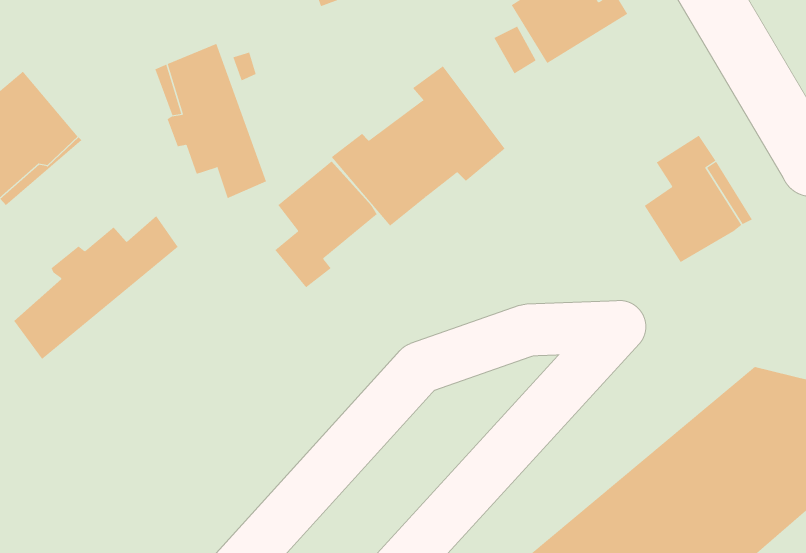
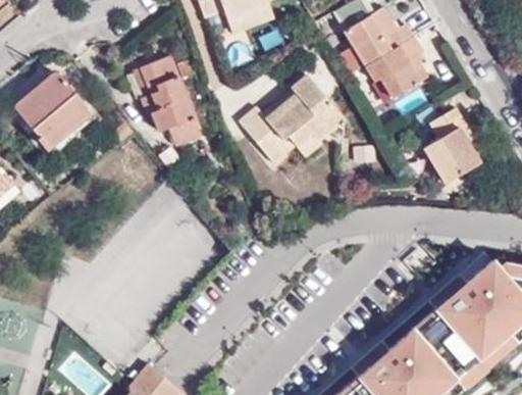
building: none -> [367,39,428,101]
building: [274,161,378,288] -> none
building: [14,215,178,360] -> none

